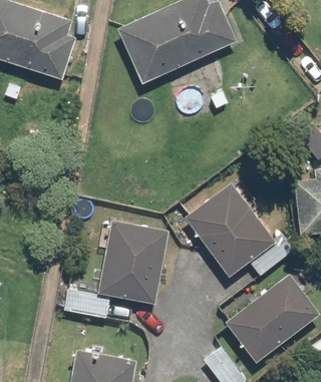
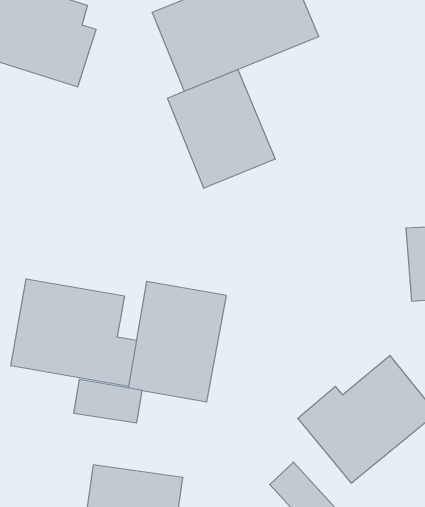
building: none -> [168,69,275,188]
building: [185,182,286,279] -> none
building: none -> [11,279,136,387]

